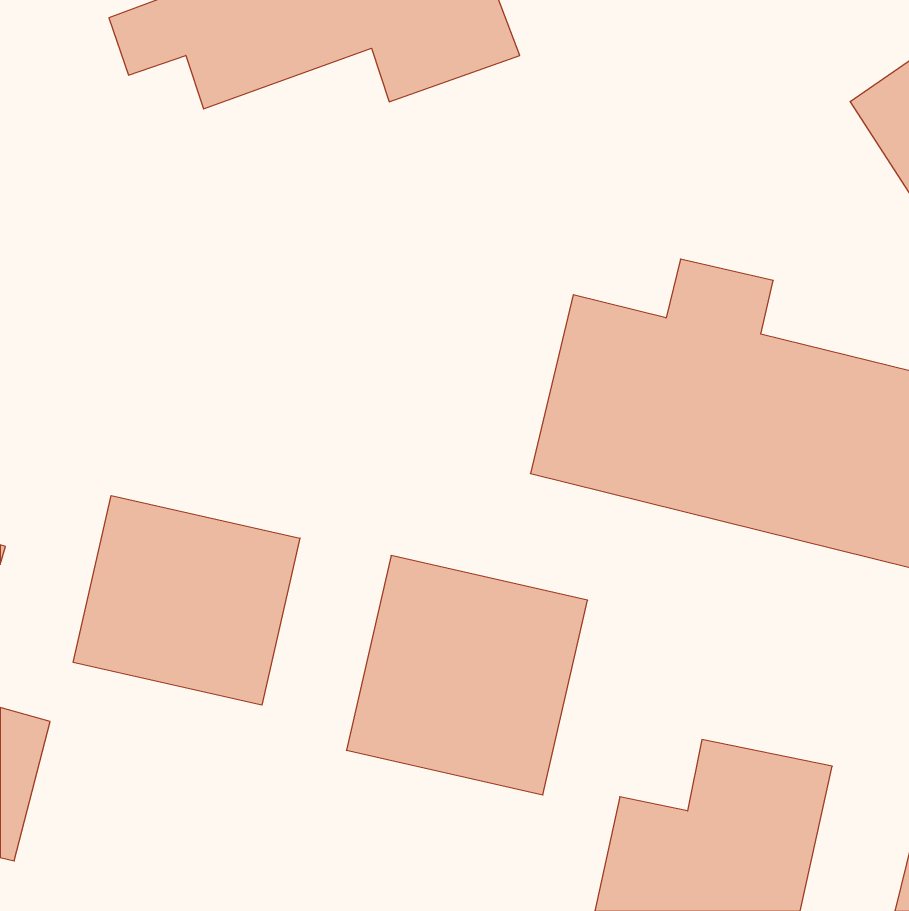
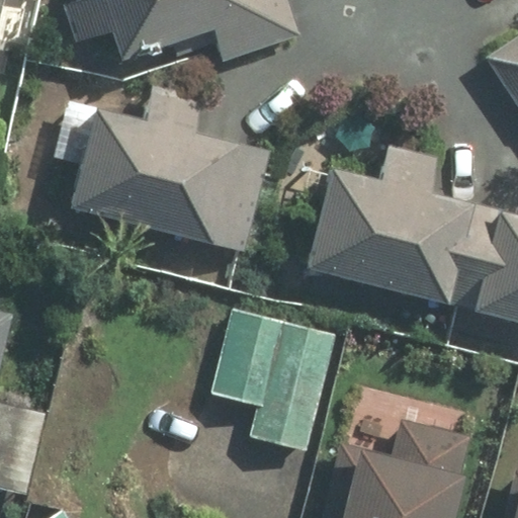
building: none -> [70,85,273,255]
building: [73,496,300,705] -> none

